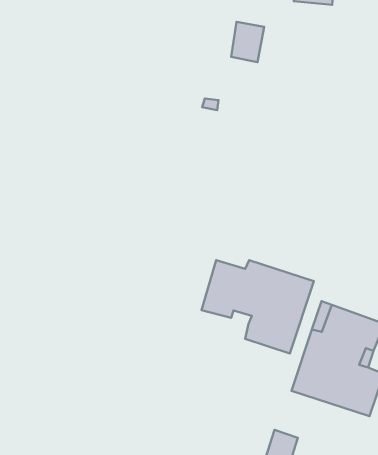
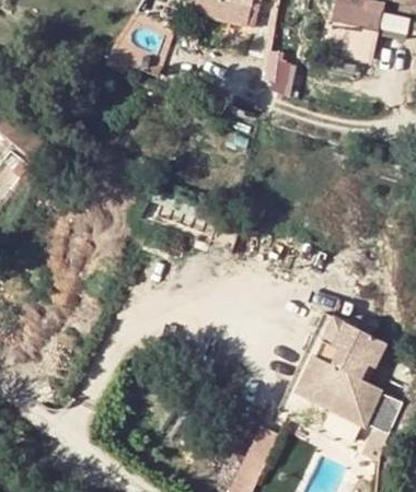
building: [201,260,314,353] -> none

